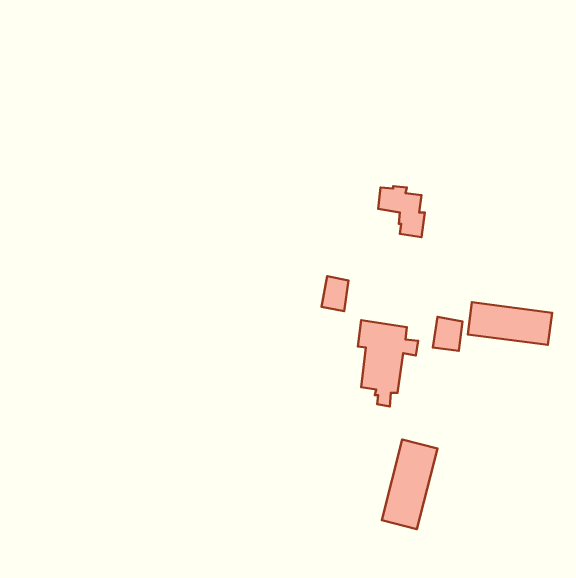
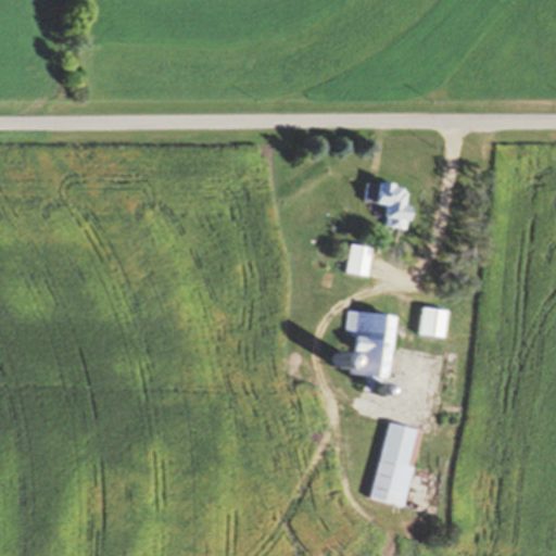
building: [321,276,349,311] -> [345,243,371,277]
building: [468,302,552,345] -> none

